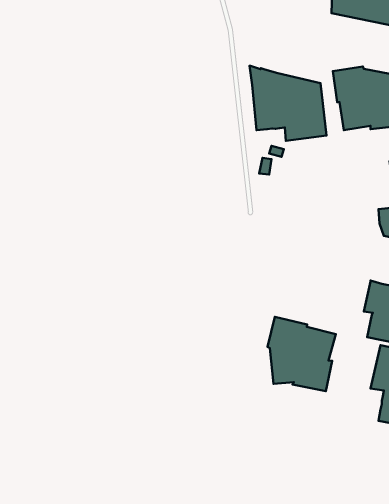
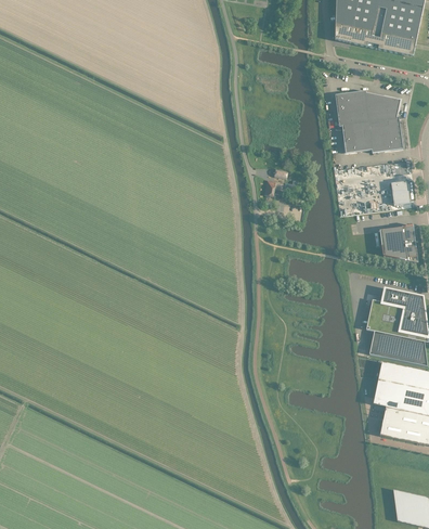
building: [249,66,327,141] -> none
building: [268,317,336,391] -> none

